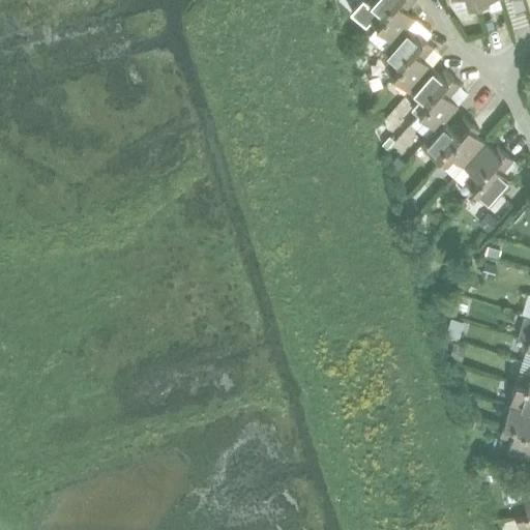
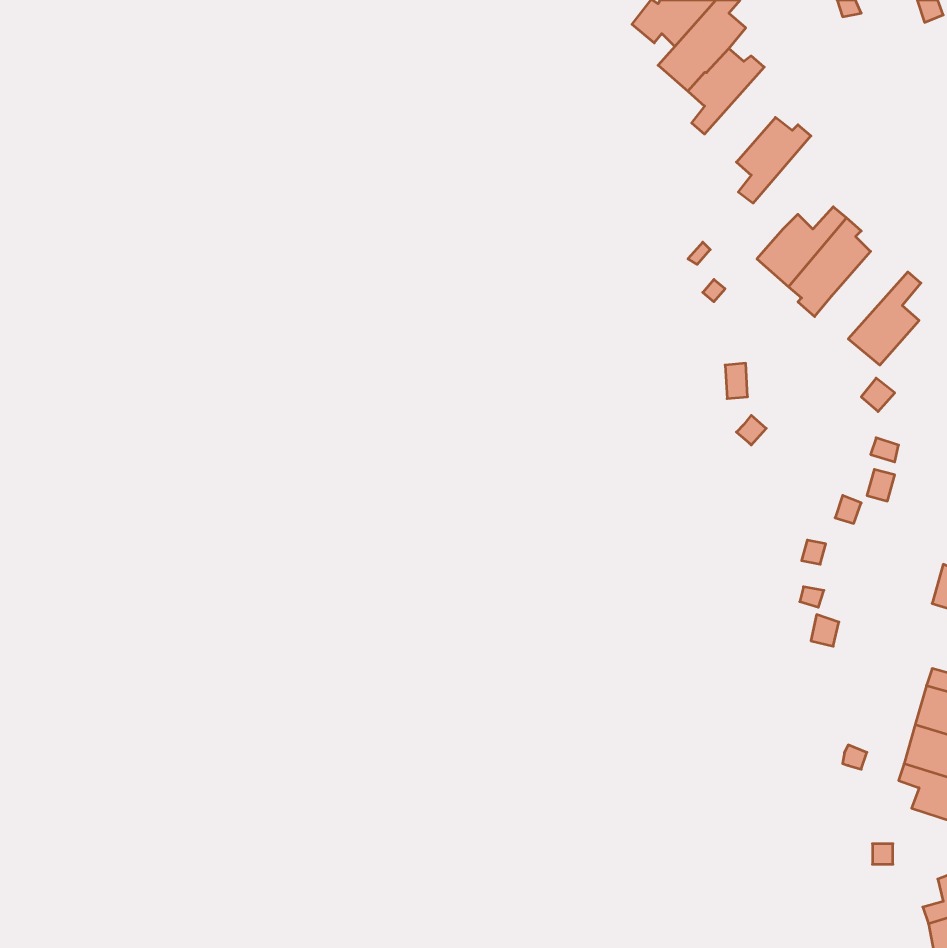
building: [394,39,435,92] -> none
building: [413,78,462,139] -> none
building: [455,142,507,190] -> none

